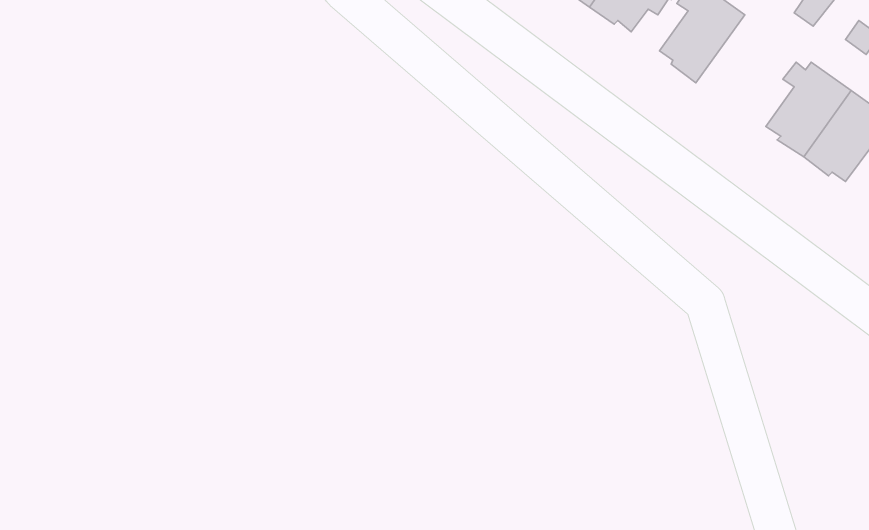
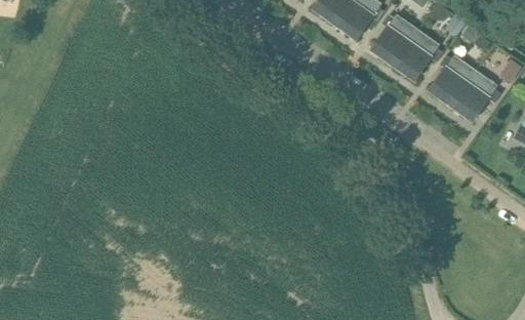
building: none -> [391,29,442,79]

